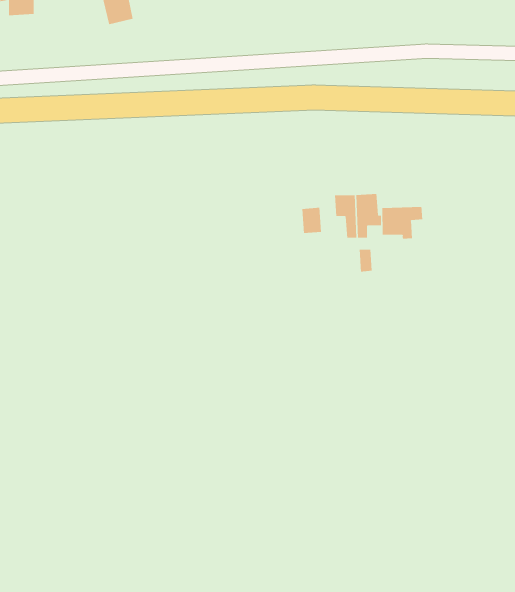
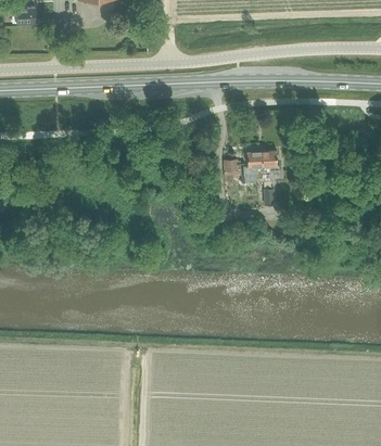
building: [382,206,423,240] -> none

